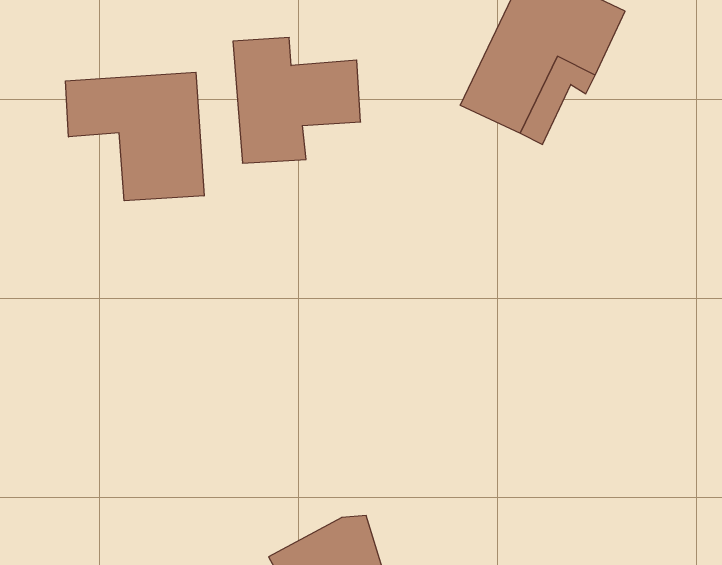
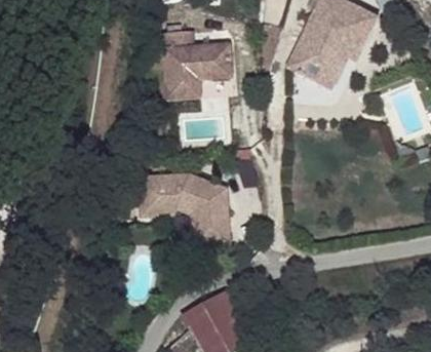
building: [66,72,204,201] -> none
building: none -> [138,174,230,244]

